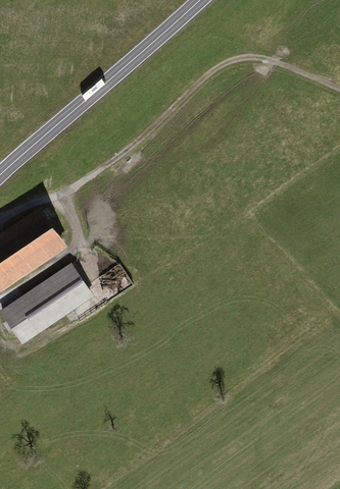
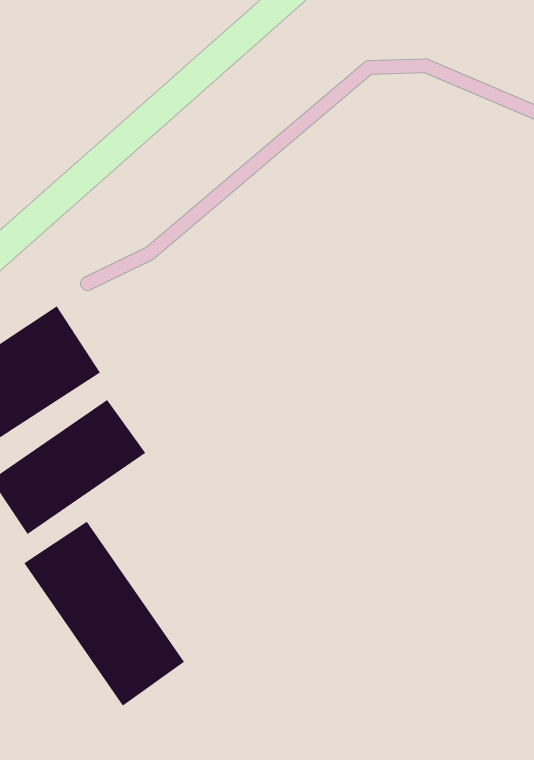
building: none -> [23,521,185,707]

